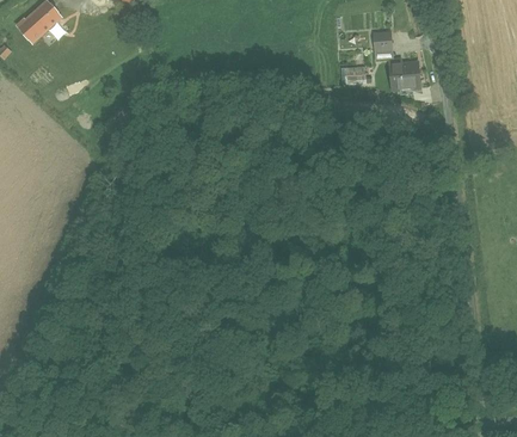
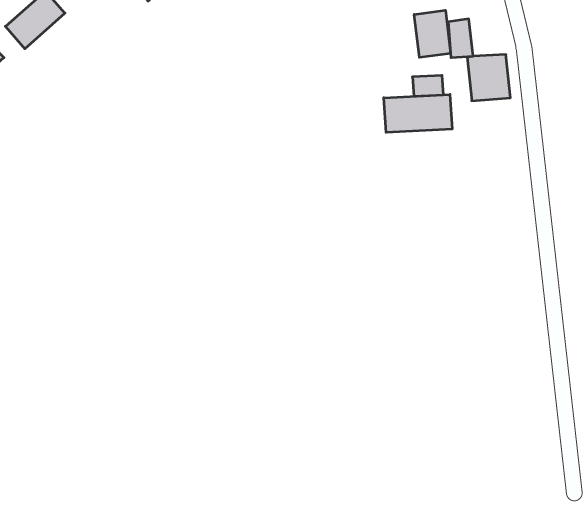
building: none -> [414,10,451,57]
building: none -> [384,94,452,132]

